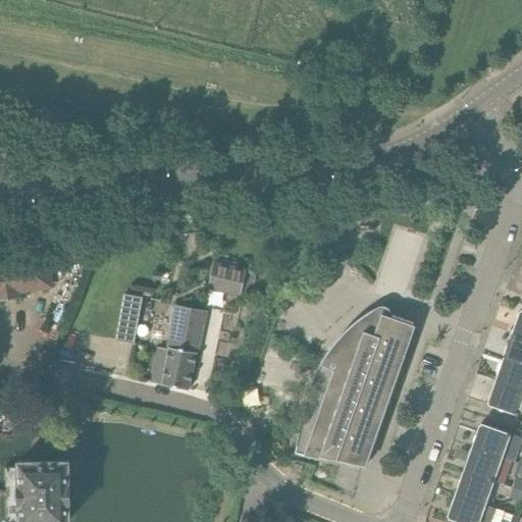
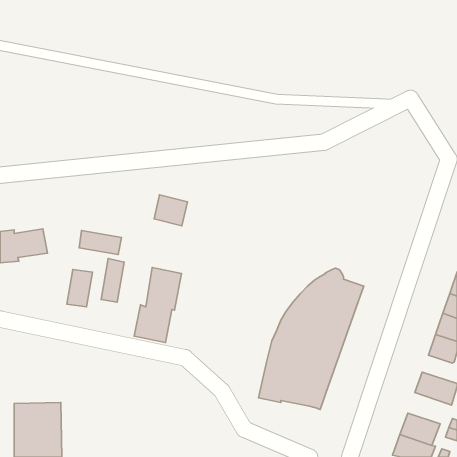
building: [208,262,246,298] -> [154,195,187,226]
building: none -> [79,231,121,254]
building: none -> [67,270,92,307]
building: [465,448,512,484] -> none

